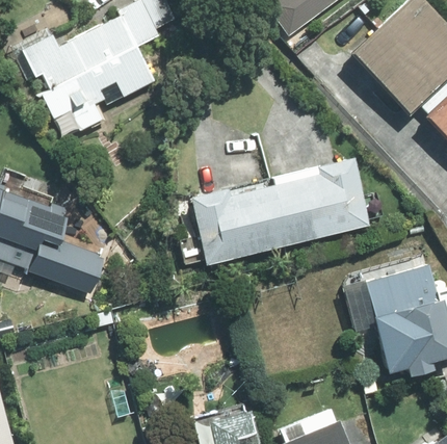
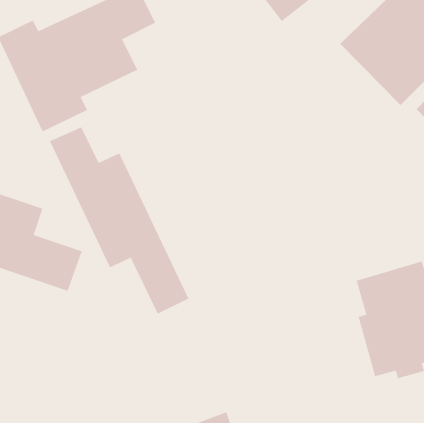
building: none -> [49,126,189,314]
building: [189,158,373,262] -> none

